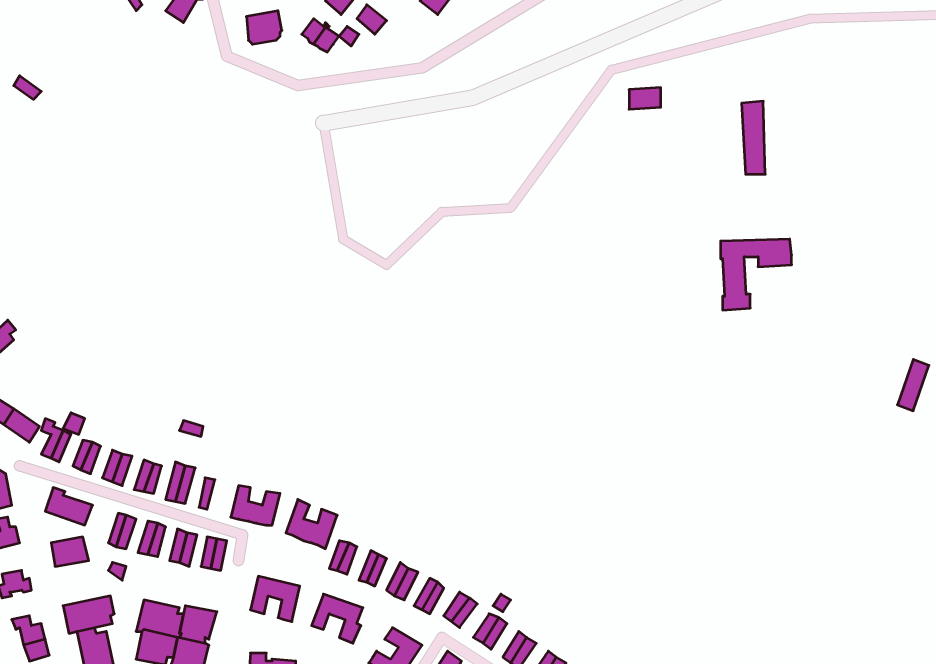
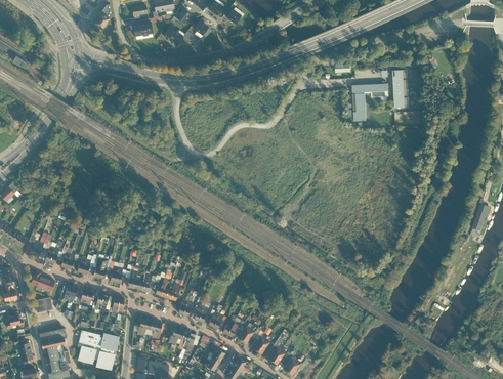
building: [721,239,792,310] -> [352,83,389,120]

